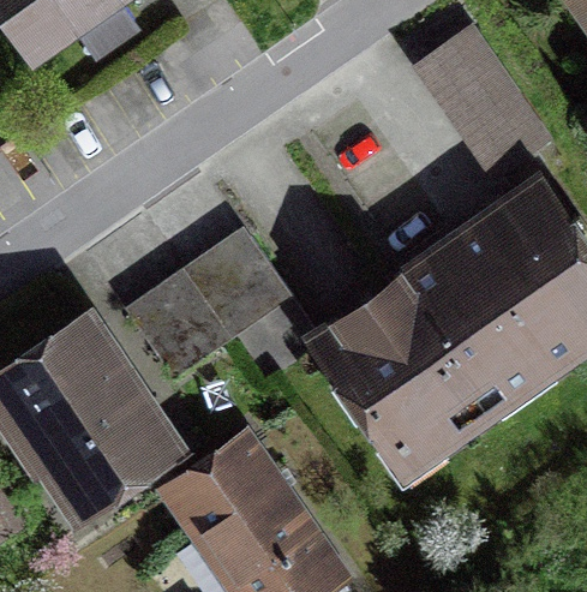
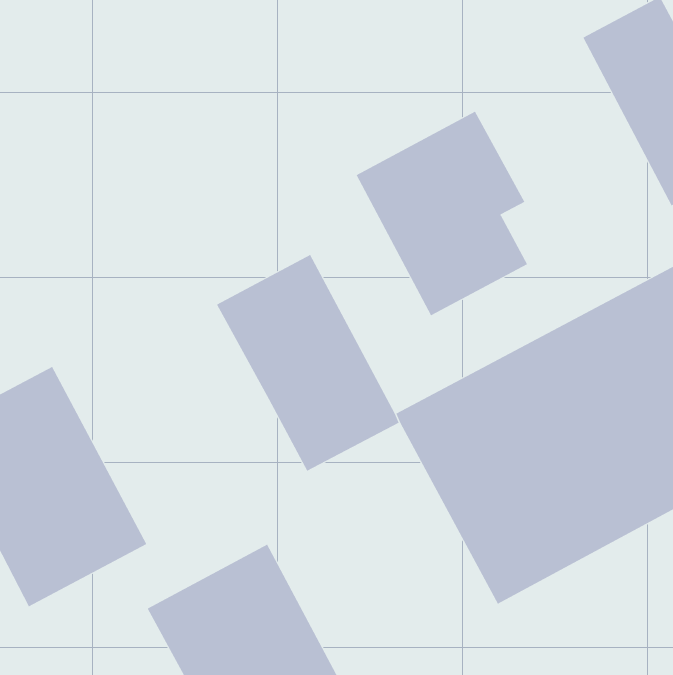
building: none -> [356,111,528,316]
building: [131,274,232,375] -> none

